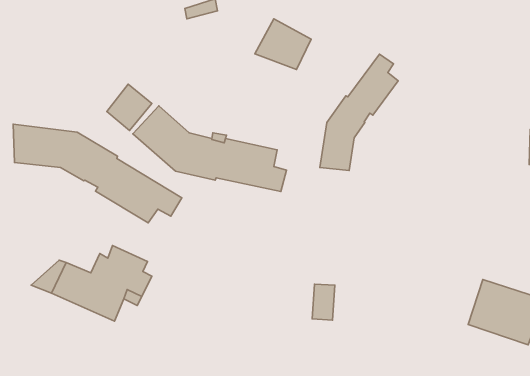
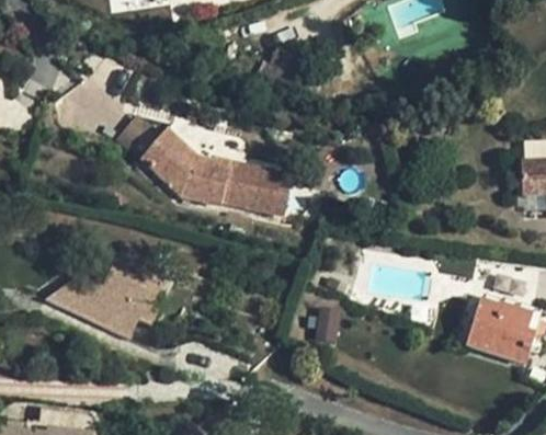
building: [320,54,398,170] -> none
building: [13,124,182,223] -> none

